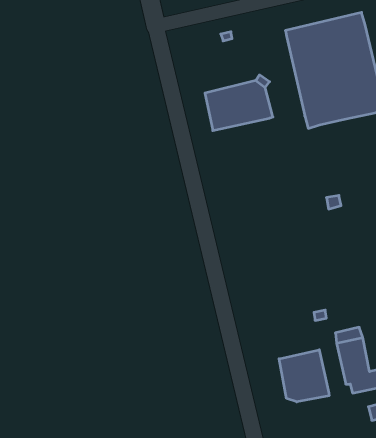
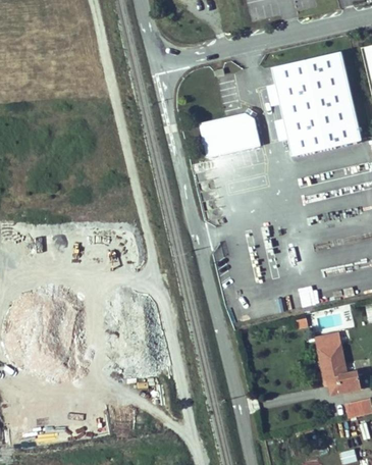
building: [279,350,329,402] -> none

